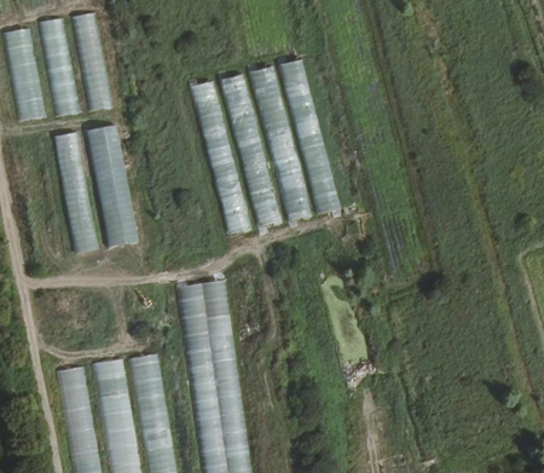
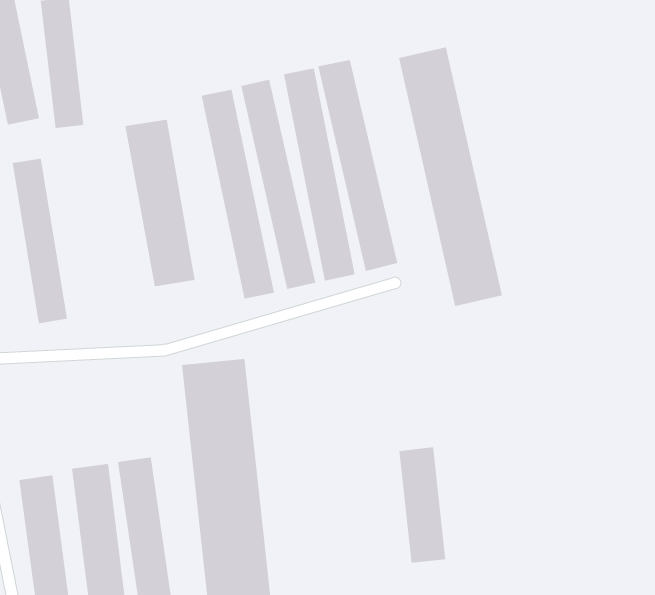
building: none -> [398,46,502,307]
building: [86,123,138,247] -> [125,119,195,287]
building: none -> [399,446,446,564]

